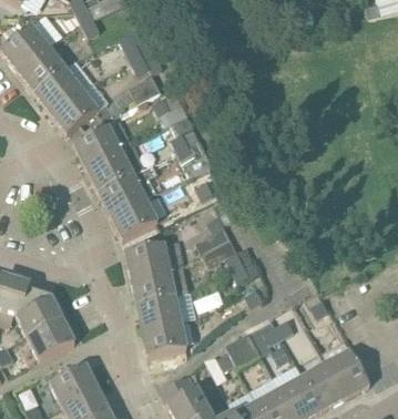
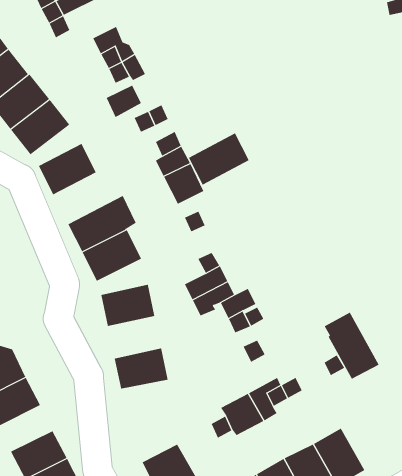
building: none -> [188,132,250,185]
building: [84,144,143,192] -> none
building: [130,266,187,304] -> none
building: [141,321,187,356] -> none
building: [322,340,368,397] -> [324,312,380,379]

